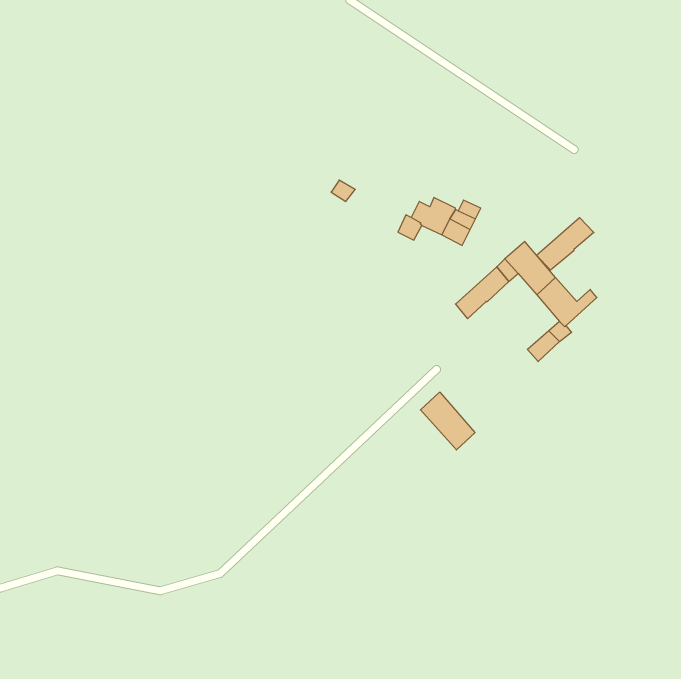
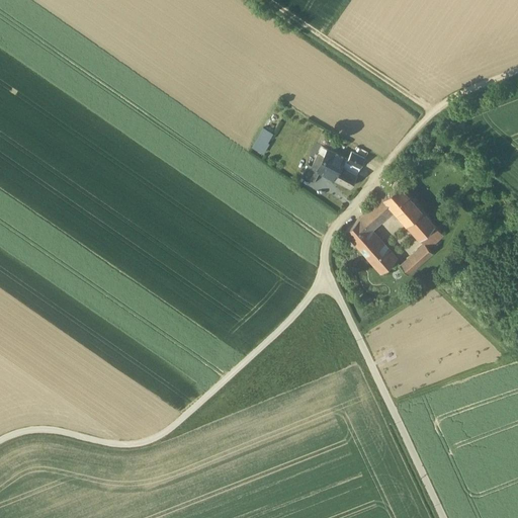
building: [536,218,594,270] -> none
building: [420,393,475,450] -> [355,231,397,274]

